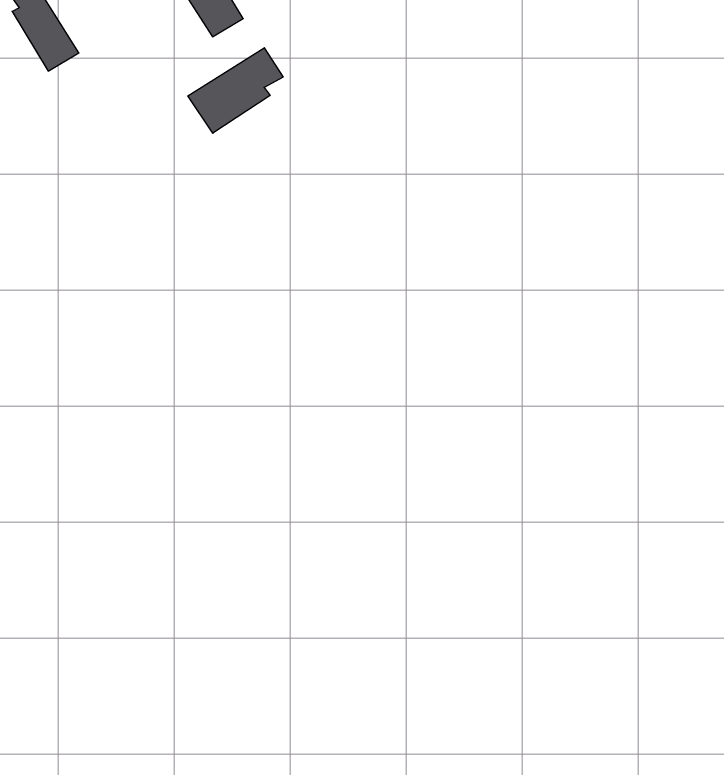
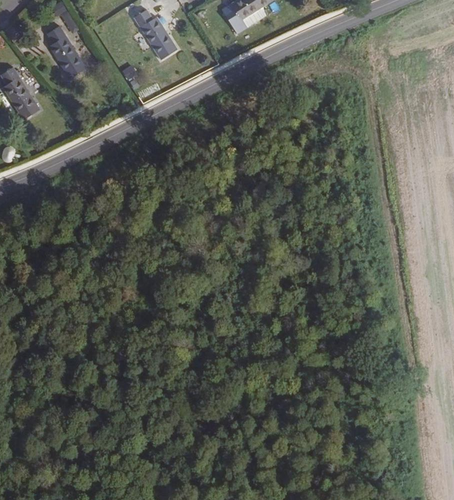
building: [188,48,283,133] -> none

